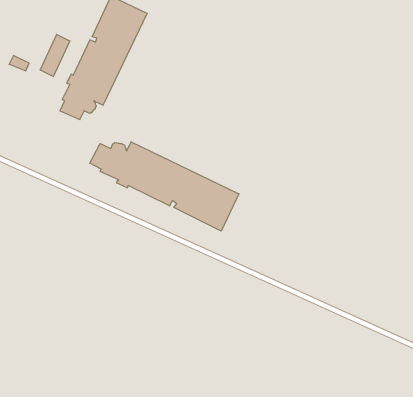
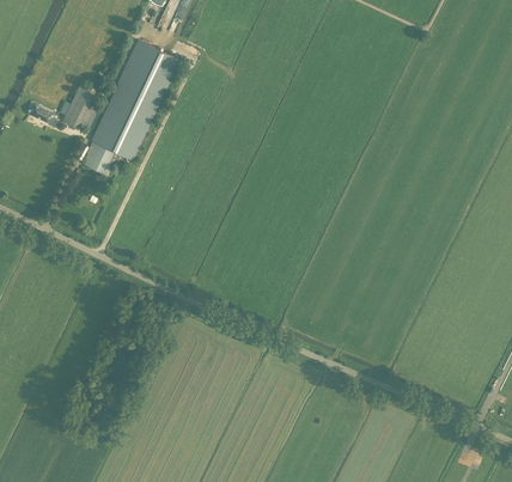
building: [90,142,239,231] -> none

